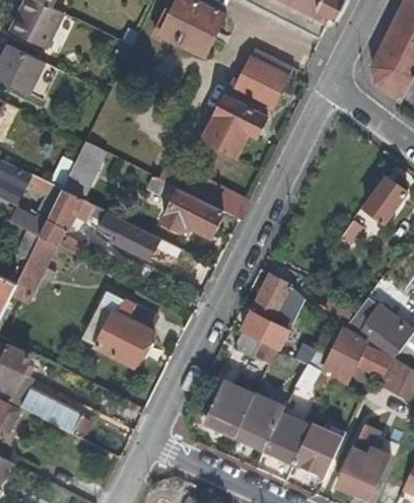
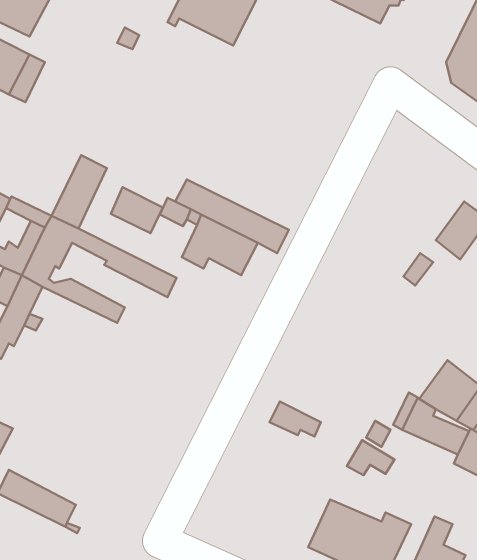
building: [201,48,292,156] -> none
building: none -> [111,187,163,233]
building: [243,276,302,347] -> none
building: [94,295,155,366] -> none
building: [204,374,282,449] -> none

